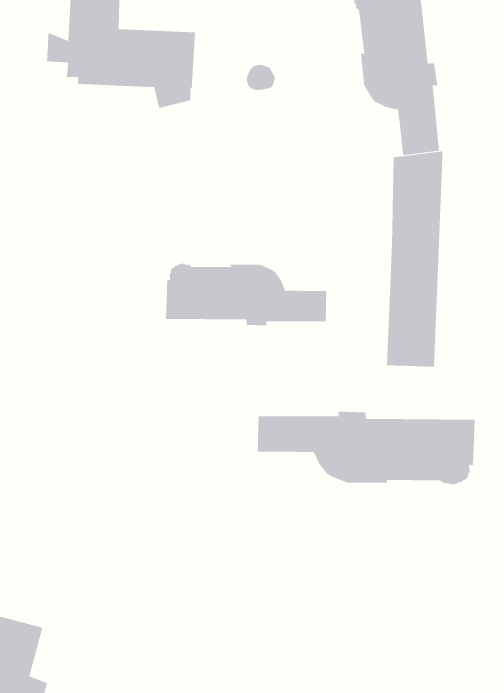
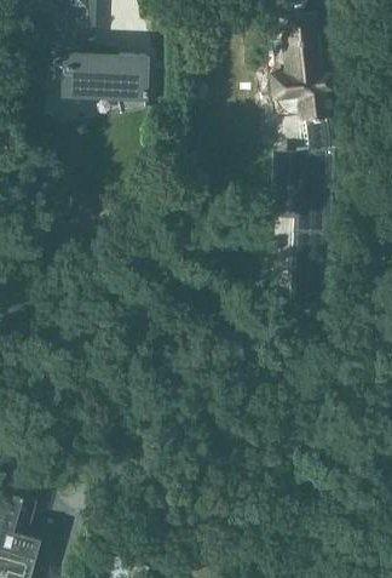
building: [165,263,327,326] -> none
building: [257,411,475,485] -> none

